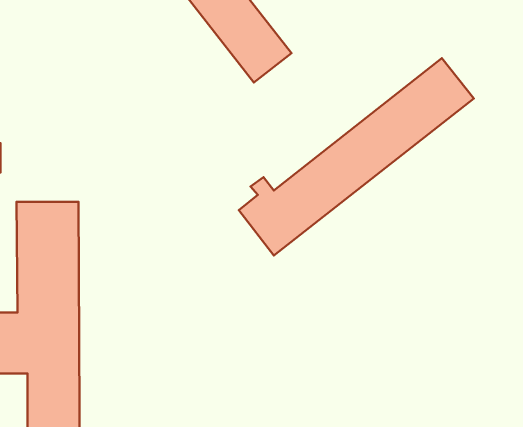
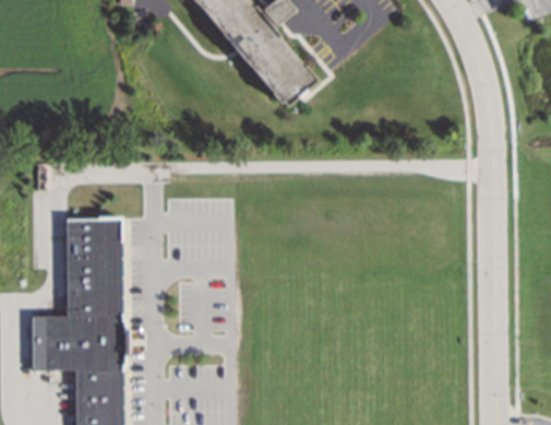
building: [239,58,474,256] -> none

